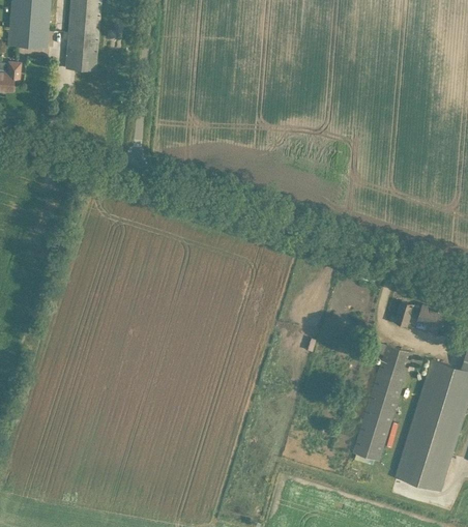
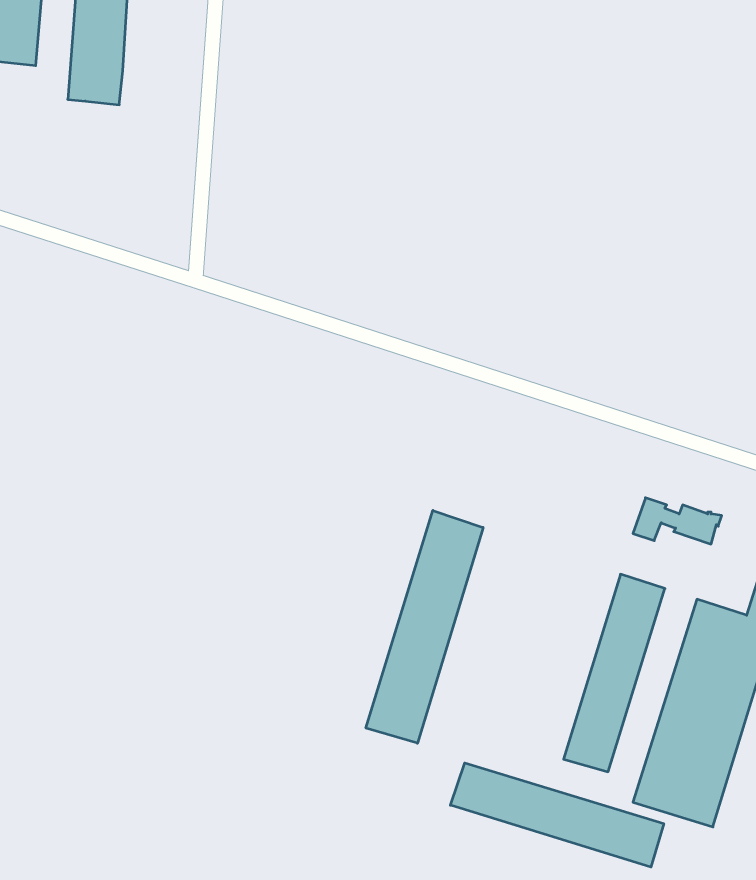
building: none -> [366,510,483,743]
building: none -> [450,763,664,867]

